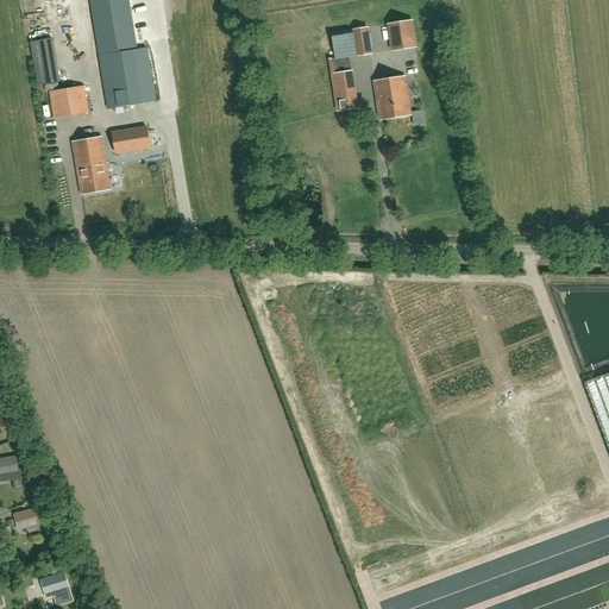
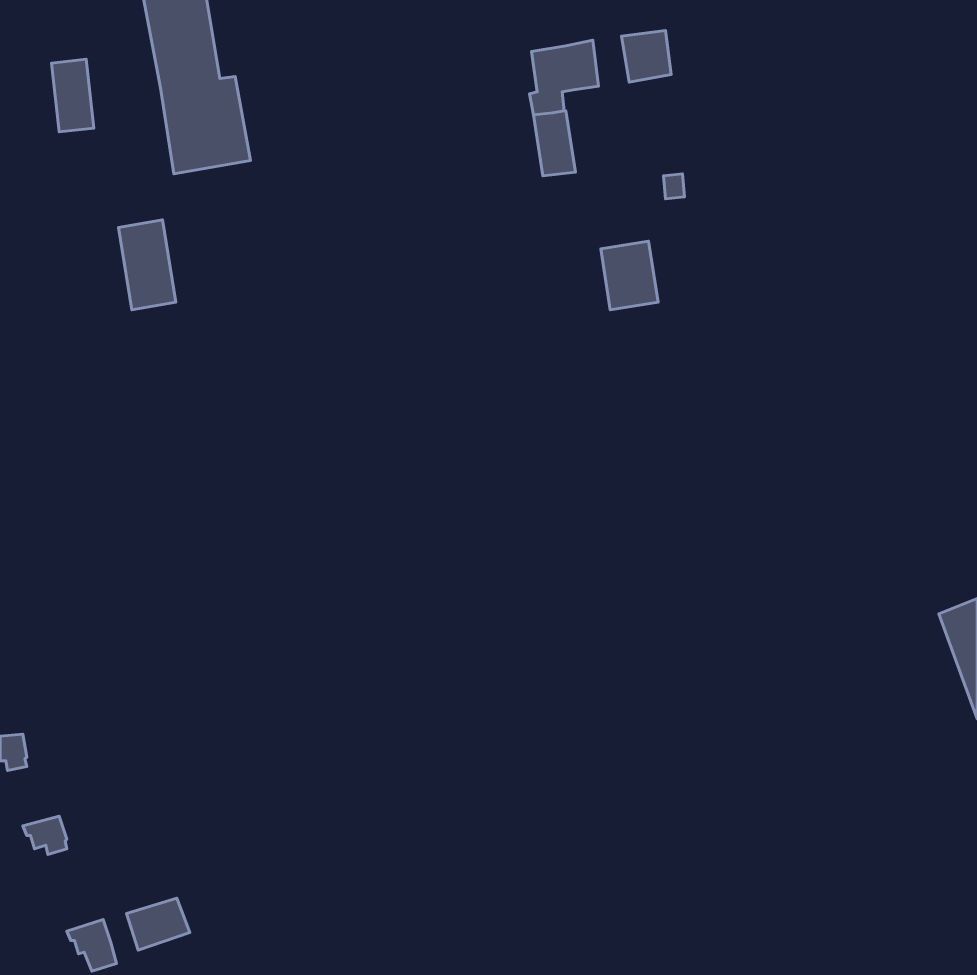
building: [375,76,410,119] -> [601,241,658,310]
building: [50,86,88,118] -> none
building: [112,127,149,152] -> none
building: none -> [127,898,190,950]

